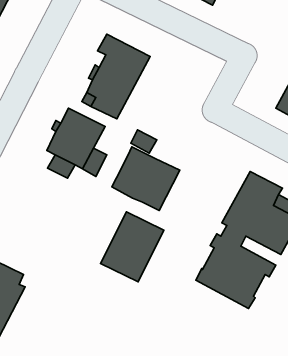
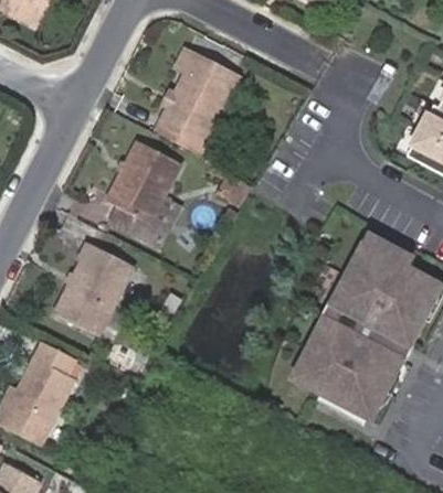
building: [112,147,180,211] -> none
building: [101,212,164,282] -> [48,248,131,341]

